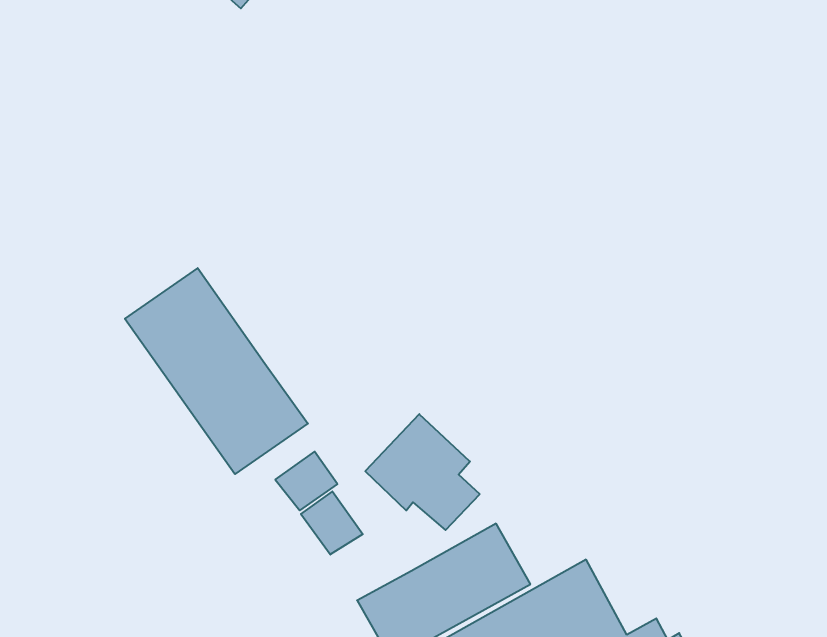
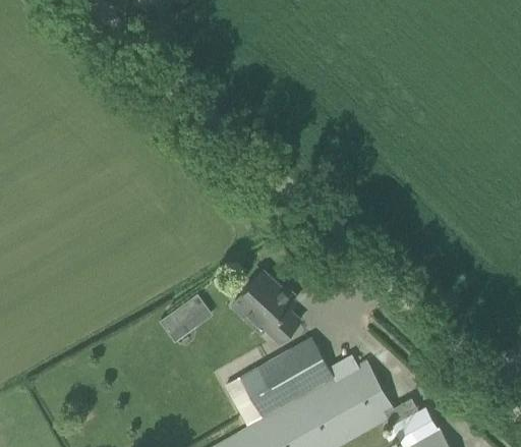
building: [125,268,308,474] -> none
building: [301,491,363,555] -> none

